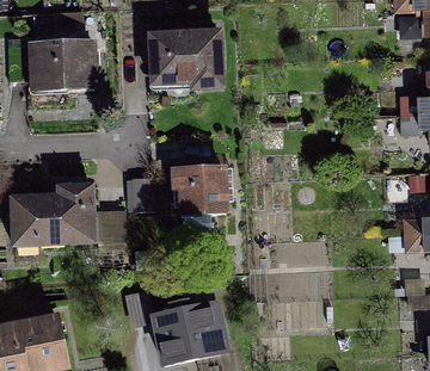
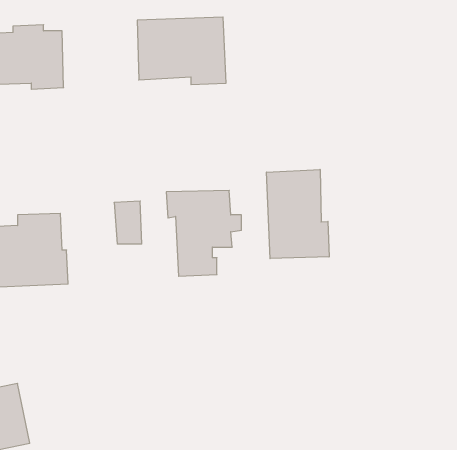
building: none -> [267,169,329,259]
building: [150,280,217,363] -> none

